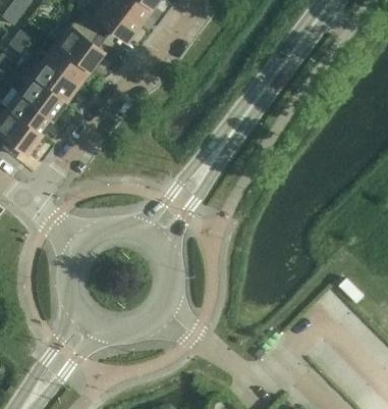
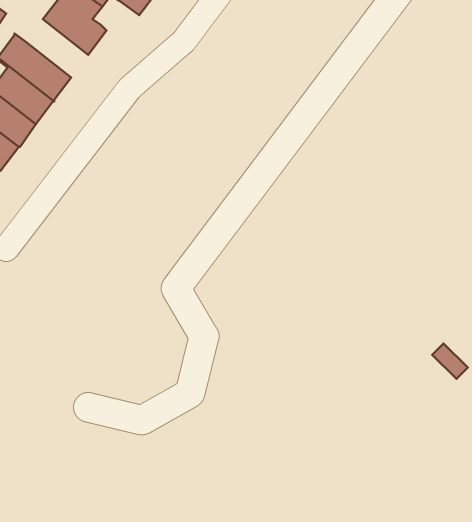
building: [46,43,91,85] -> none

